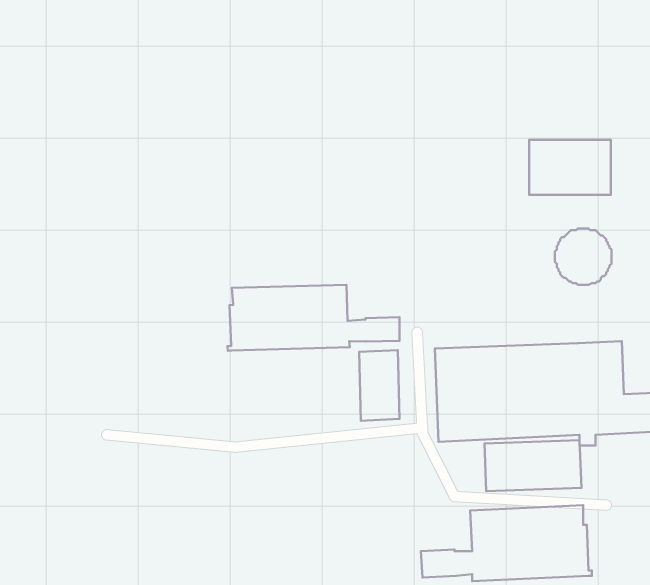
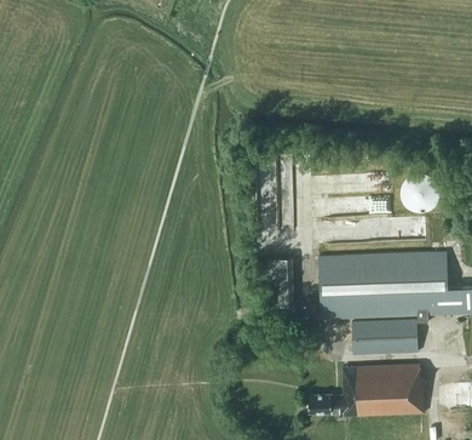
building: [529,140,611,195] -> none
building: [227,285,400,351] -> none

